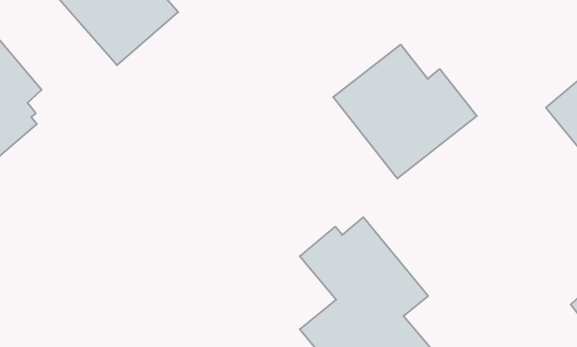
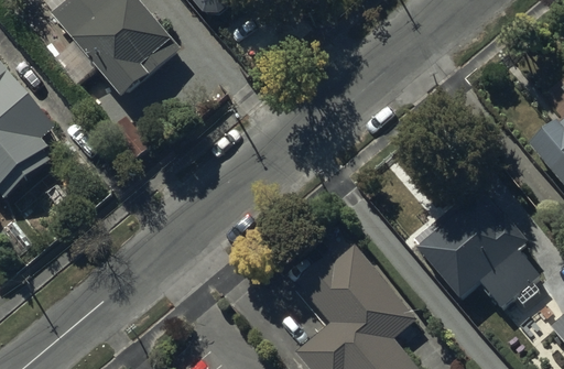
building: [333,45,477,179] -> none
building: none -> [406,188,547,317]

